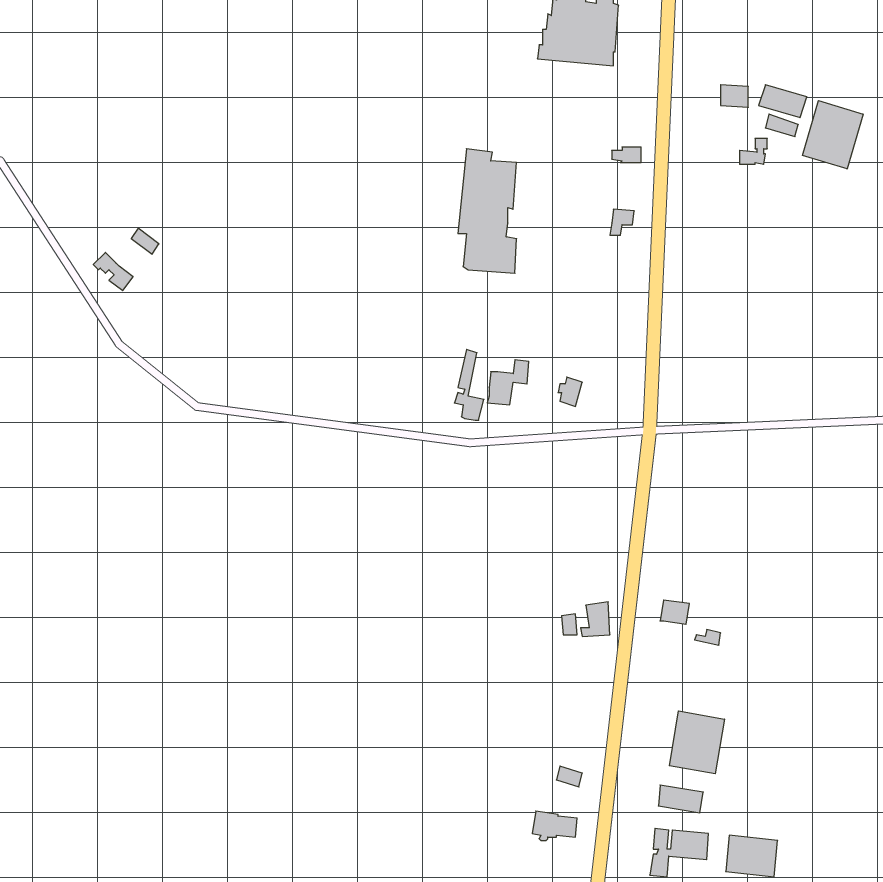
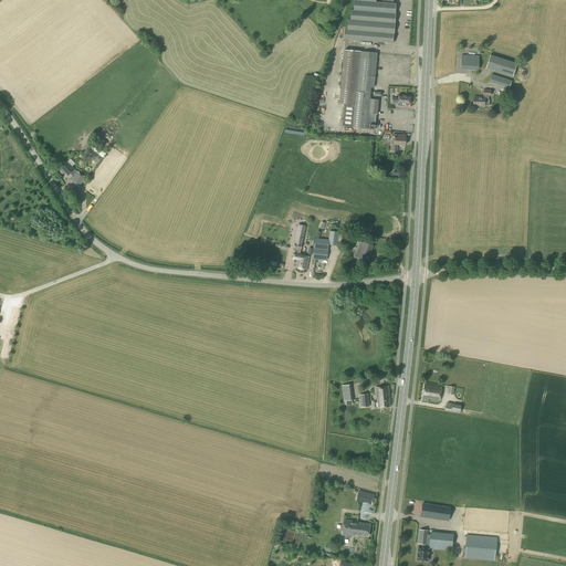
building: [803,101,863,169] -> none
building: [458,149,517,273] -> [338,49,376,128]
building: [669,711,724,774] -> none

